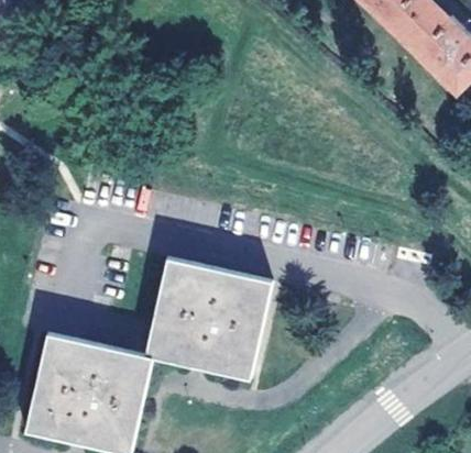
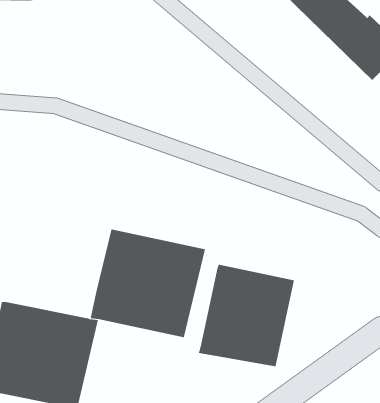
building: none -> [198,264,294,367]

